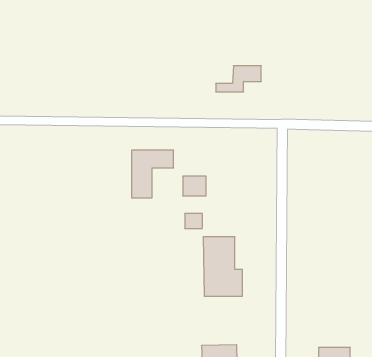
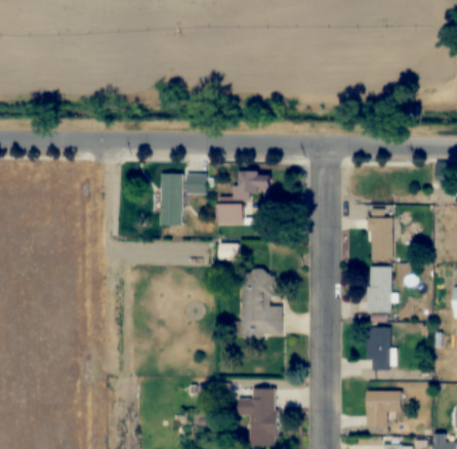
building: [216,66,261,92] -> [219,172,269,201]
building: none -> [370,217,393,260]
building: none -> [369,267,391,312]
building: none -> [368,327,390,370]

